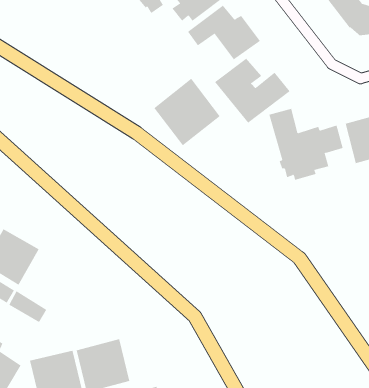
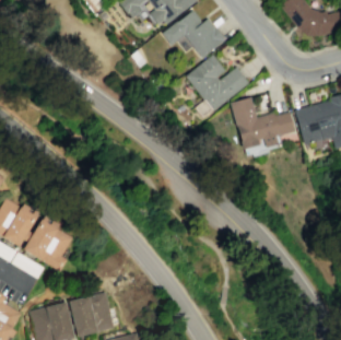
building: [153,78,220,146] -> none
building: none -> [23,218,74,271]

